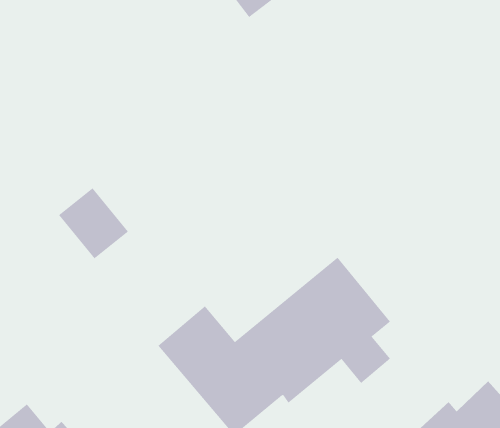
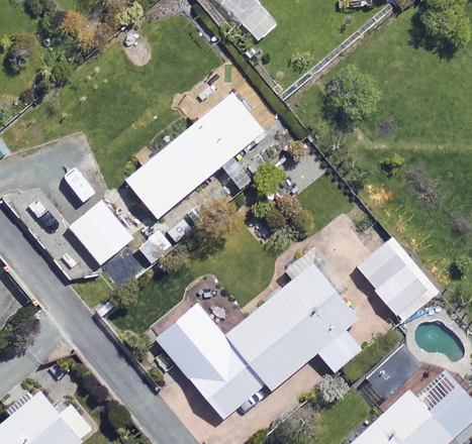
building: none -> [125,94,260,218]
building: none -> [356,219,438,322]

